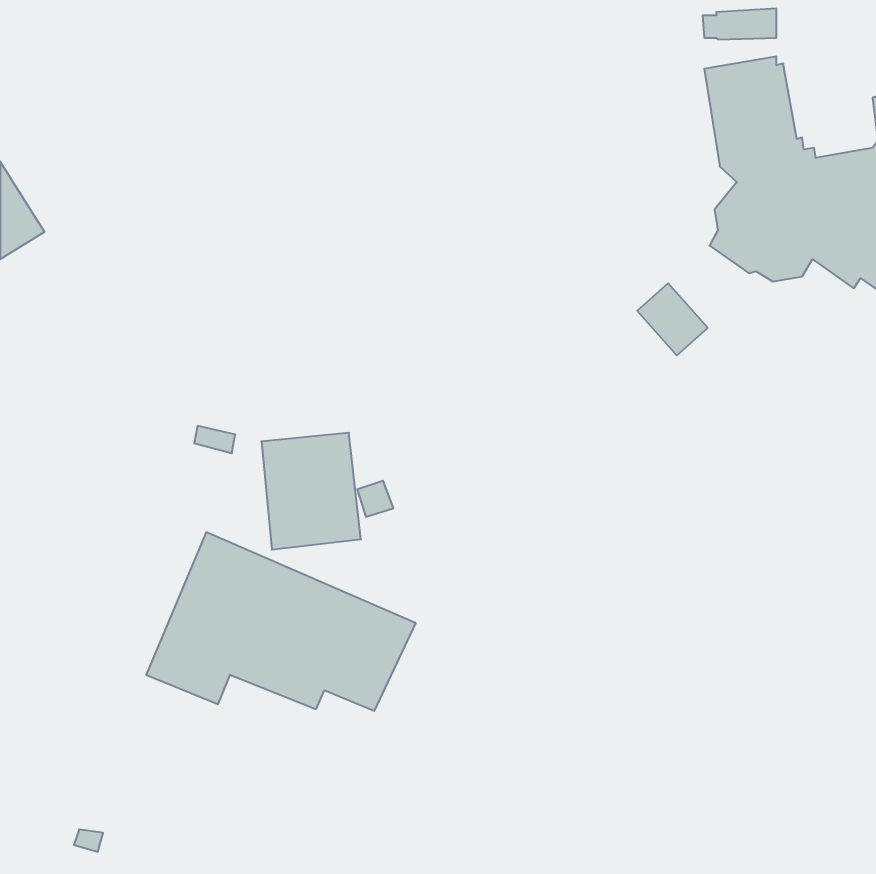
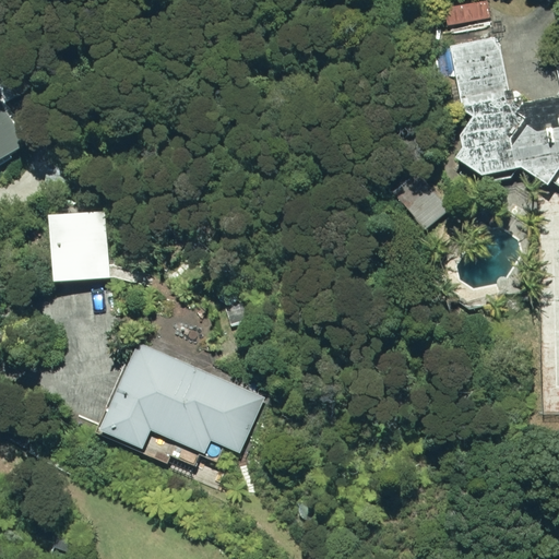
building: [261,433,361,550] -> [50,218,114,293]

